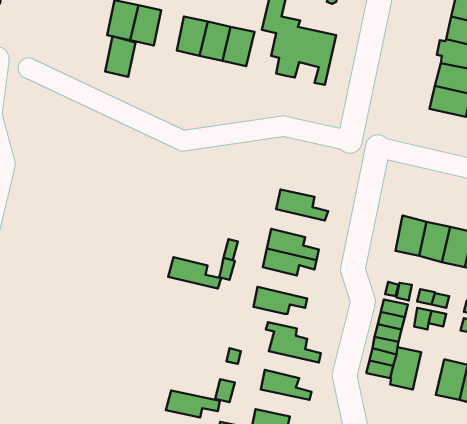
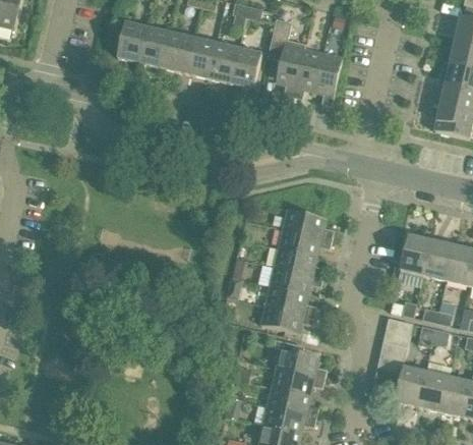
building: [105,36,135,77] -> [164,33,193,72]
building: none -> [279,228,332,256]
building: [168,257,221,288] -> [265,285,317,316]
building: none -> [418,359,452,410]
building: none -> [273,368,326,394]
building: [166,391,220,418] -> [263,405,316,432]

